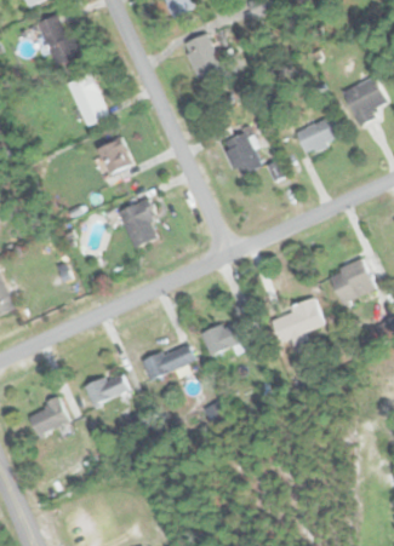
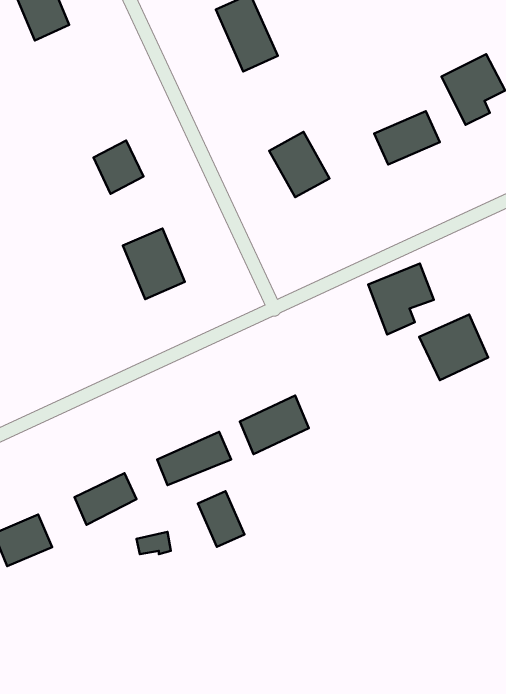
building: [68,73,110,126] -> none
building: [276,299,322,349] -> [368,264,434,334]
building: none -> [198,491,245,547]

